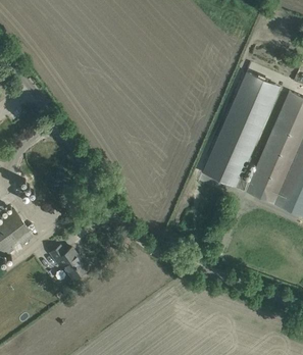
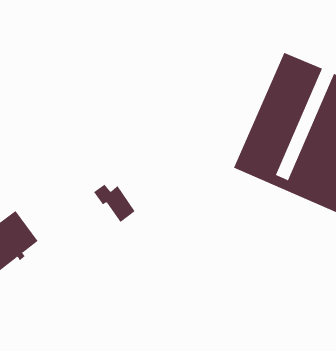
building: [50,245,87,278] -> [93,184,136,223]

